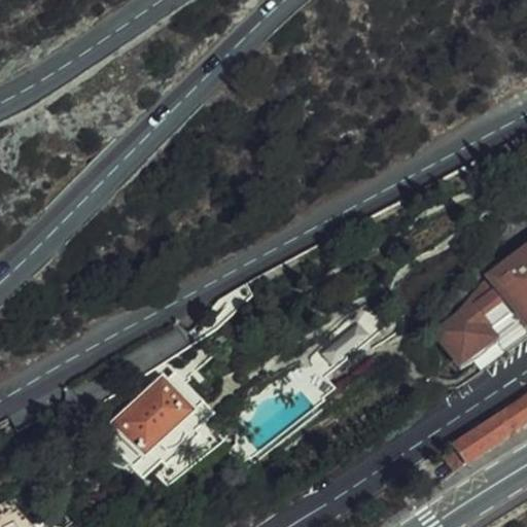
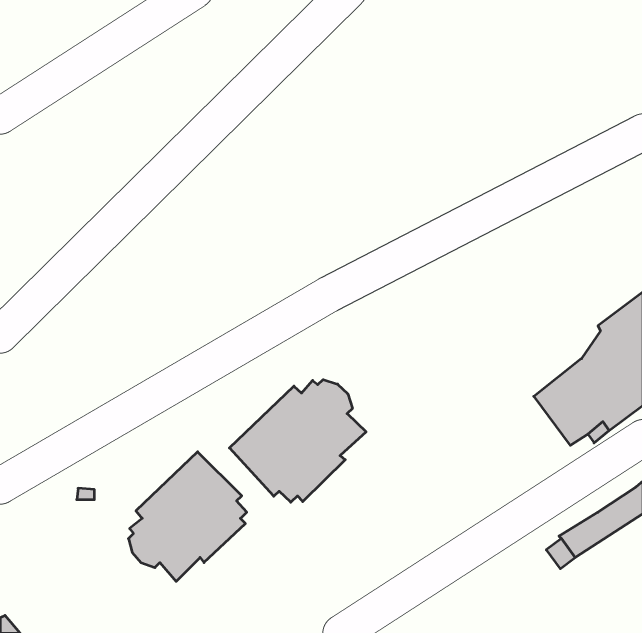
building: none -> [229,380,366,502]

